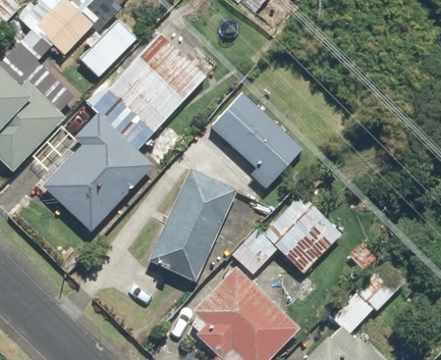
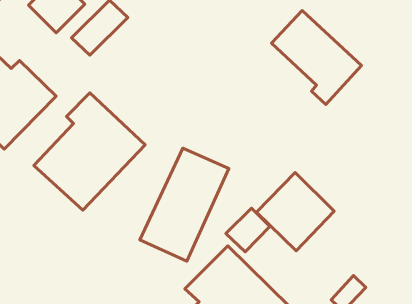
building: [95,33,208,147] -> none
building: [215,93,305,187] -> [272,11,362,104]

